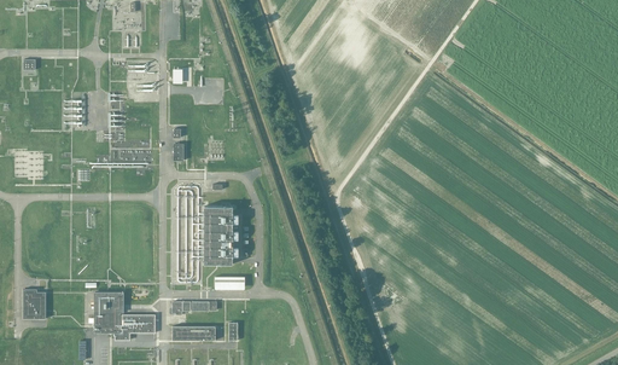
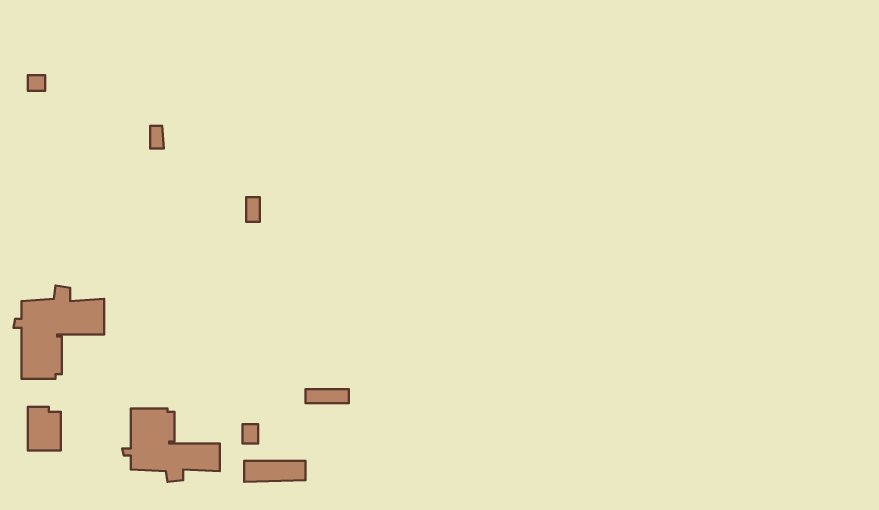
building: none -> [13,286,104,379]
building: [205,204,234,262] -> none

